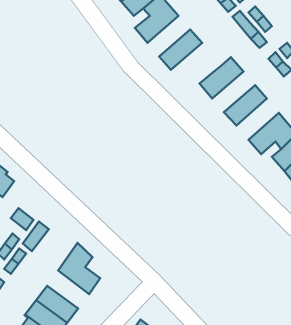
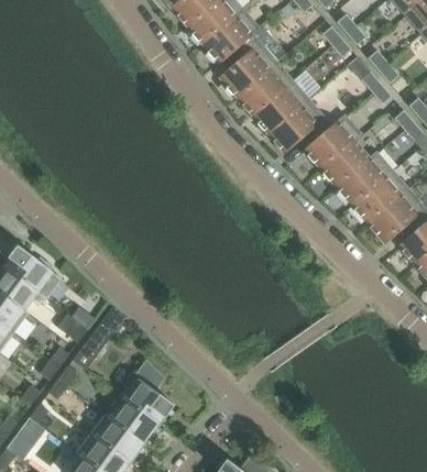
building: none -> [237,63,293,116]
building: none -> [267,98,333,153]
building: none -> [321,135,377,188]
building: none -> [353,171,408,224]
building: none -> [106,395,161,444]

